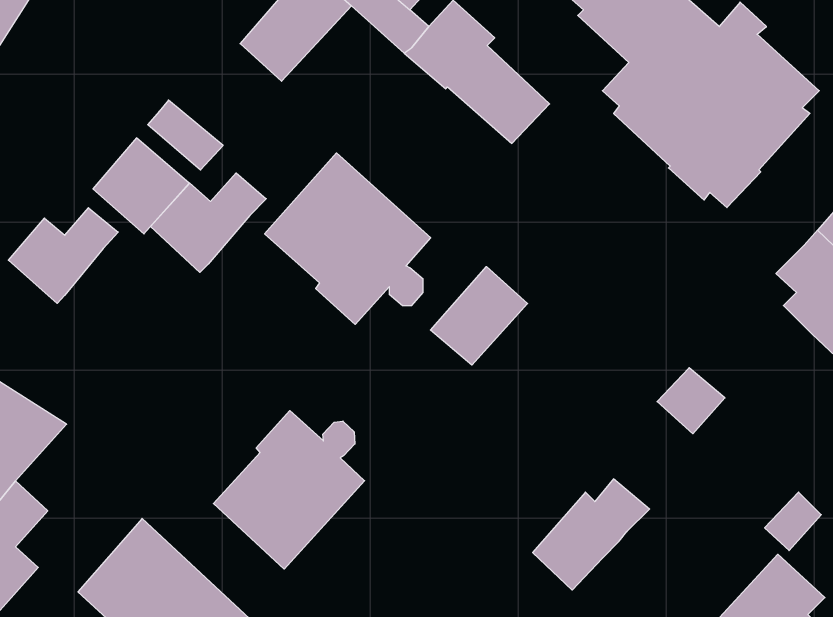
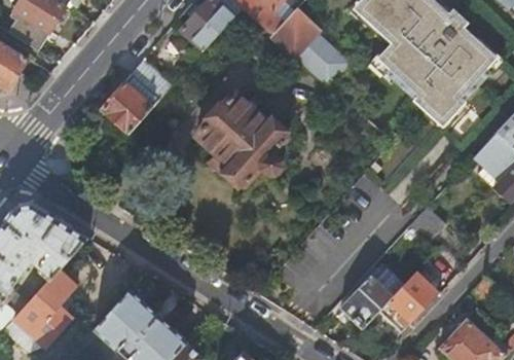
building: [150,173,266,272] -> none
building: [8,208,118,303] -> none
building: [430,267,528,365] -> none
building: [213,411,365,569] -> none
building: none -> [378,271,439,333]

